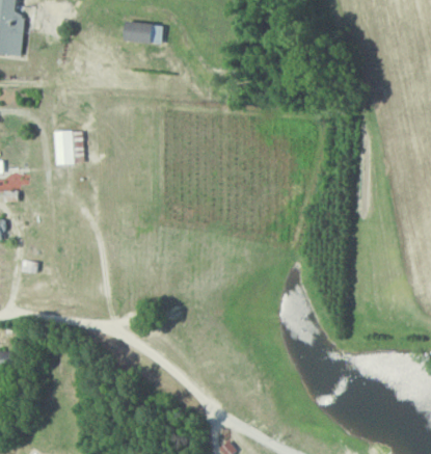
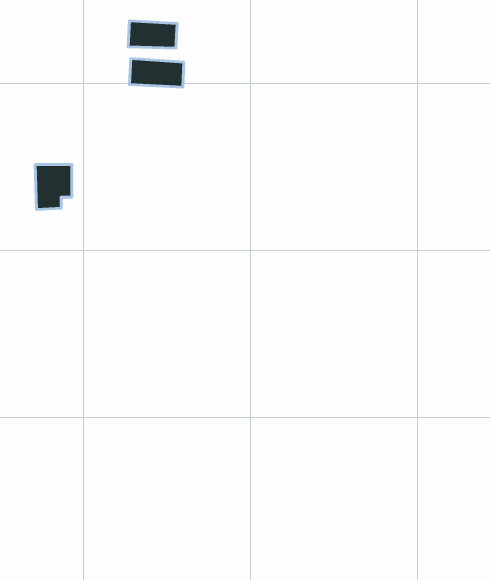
building: none -> [129,58,184,87]

